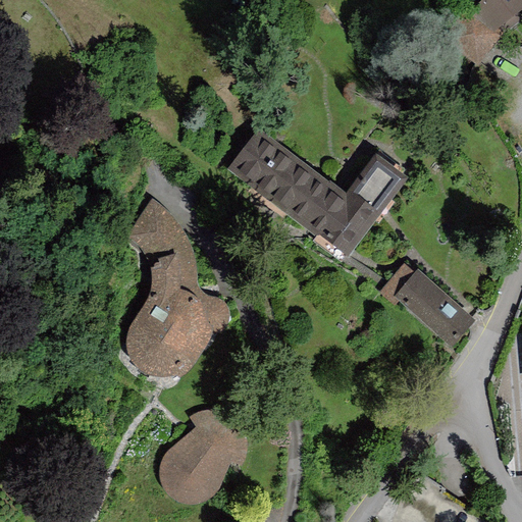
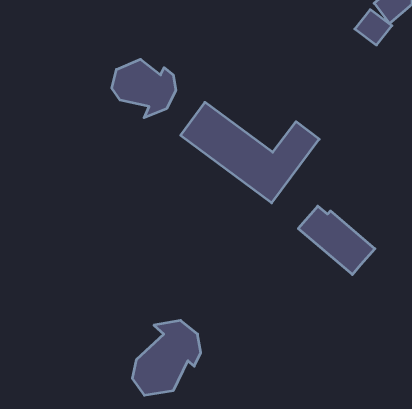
building: none -> [112,59,176,118]
building: [125,198,228,376] -> none

